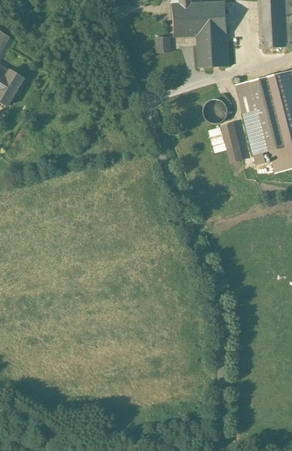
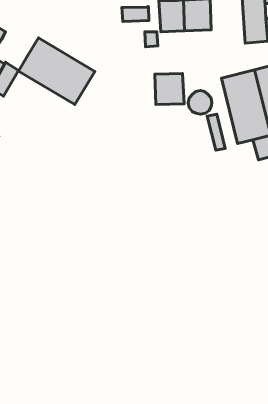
building: none -> [122,6,149,21]
building: [197,34,228,67] -> [155,73,184,105]
building: none -> [18,38,95,105]

